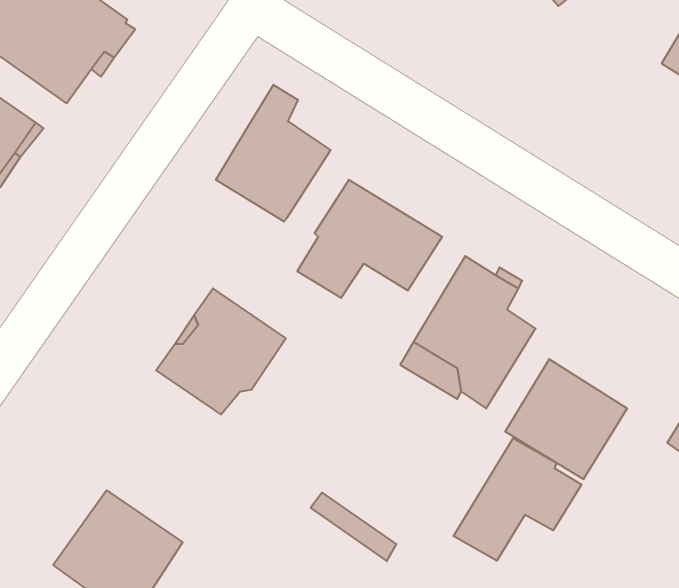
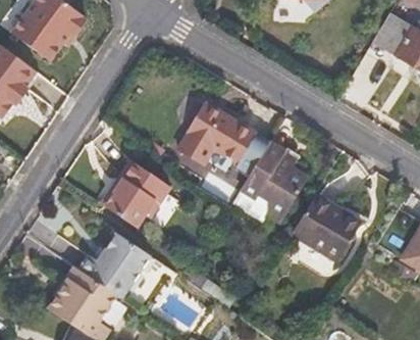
building: [216,85,330,222] -> none
building: none -> [78,234,151,299]
building: [453,438,581,561] -> none

